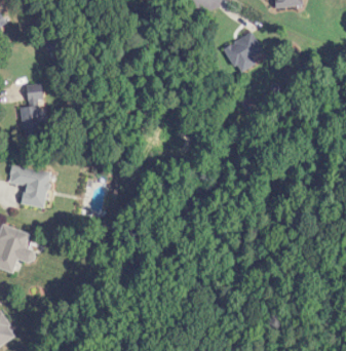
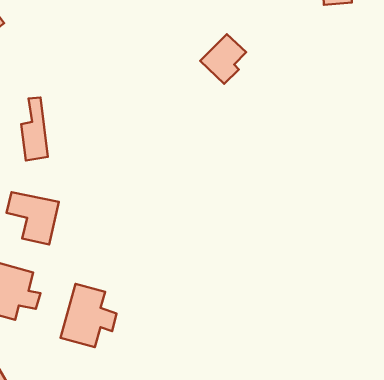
building: [223,30,262,72] -> [200,34,246,84]
building: none -> [61,284,116,347]

